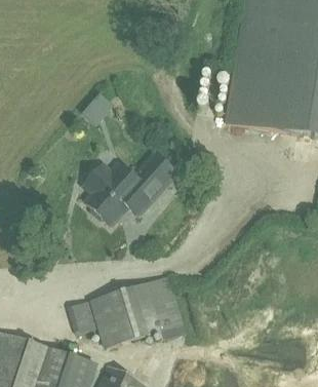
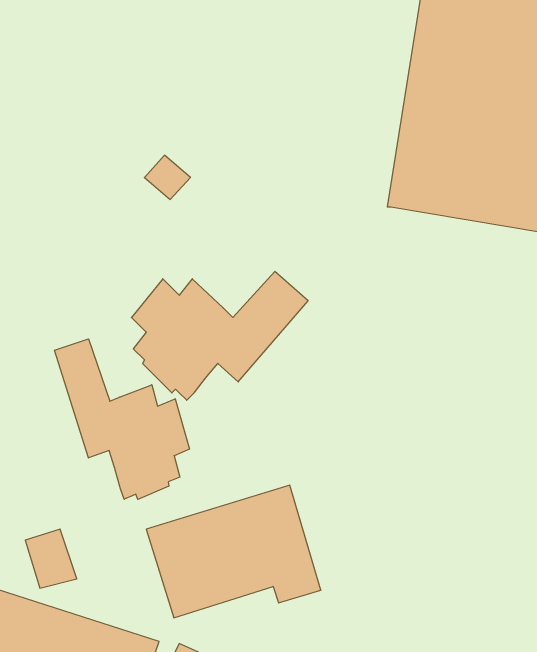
building: none -> [54,339,190,499]
building: [65,301,93,334] -> [25,529,77,588]

